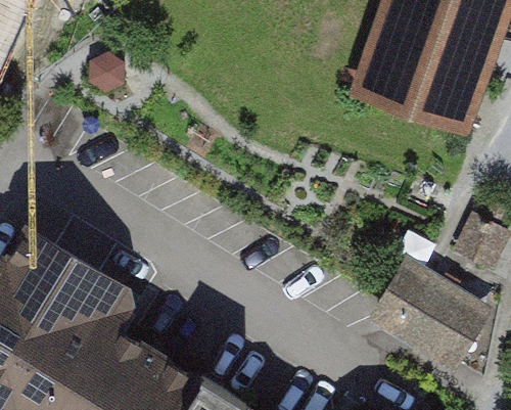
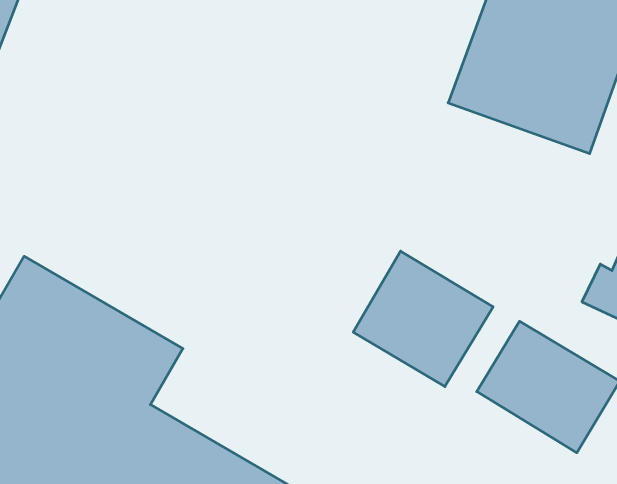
building: none -> [353,251,493,387]

